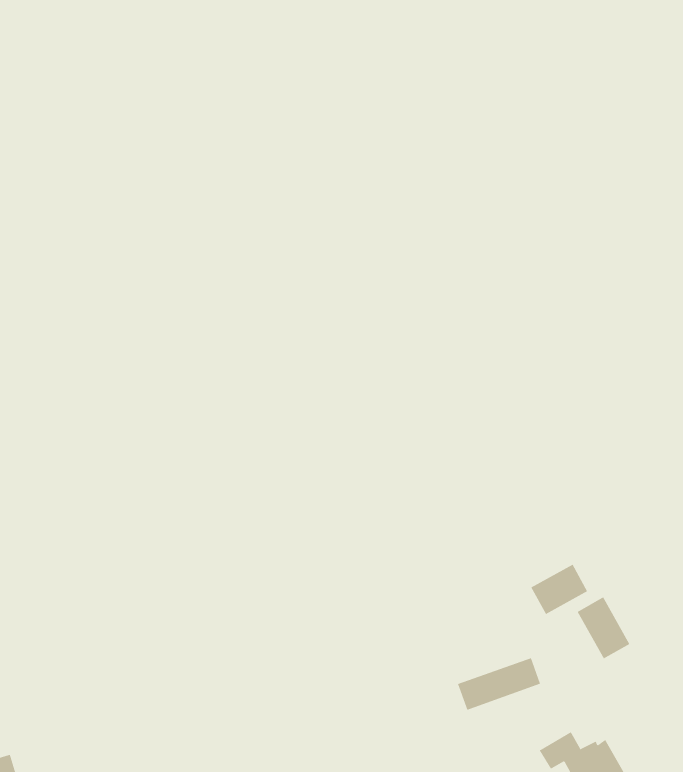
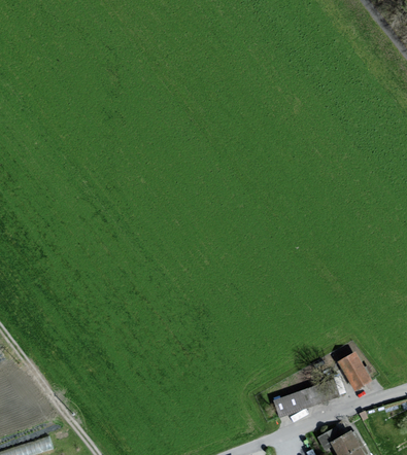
building: [530,564,588,615] -> none

